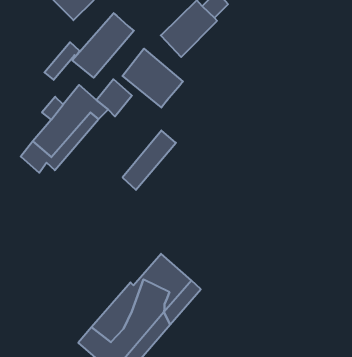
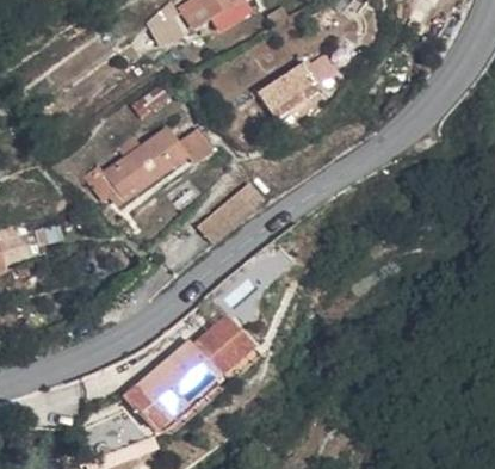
building: [72,13,134,78] -> none
building: [122,49,183,108] -> none

